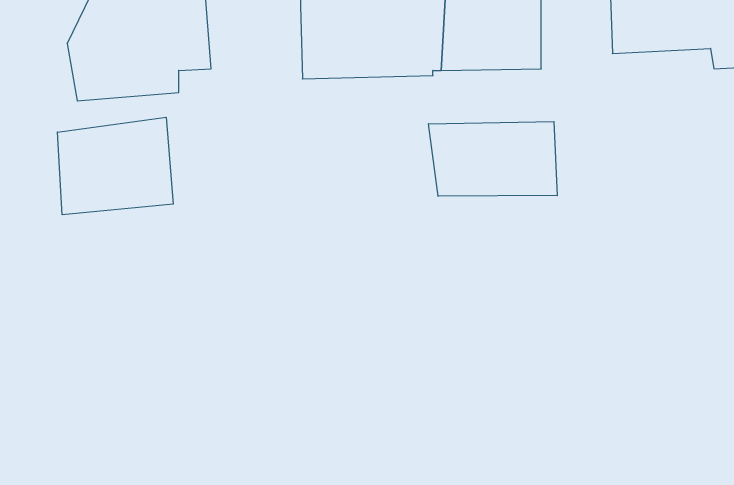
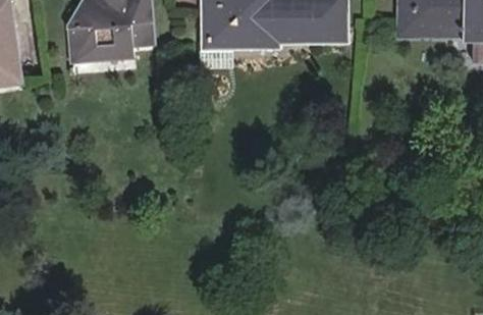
building: [57,117,173,215] -> none
building: [429,122,557,196] -> none

